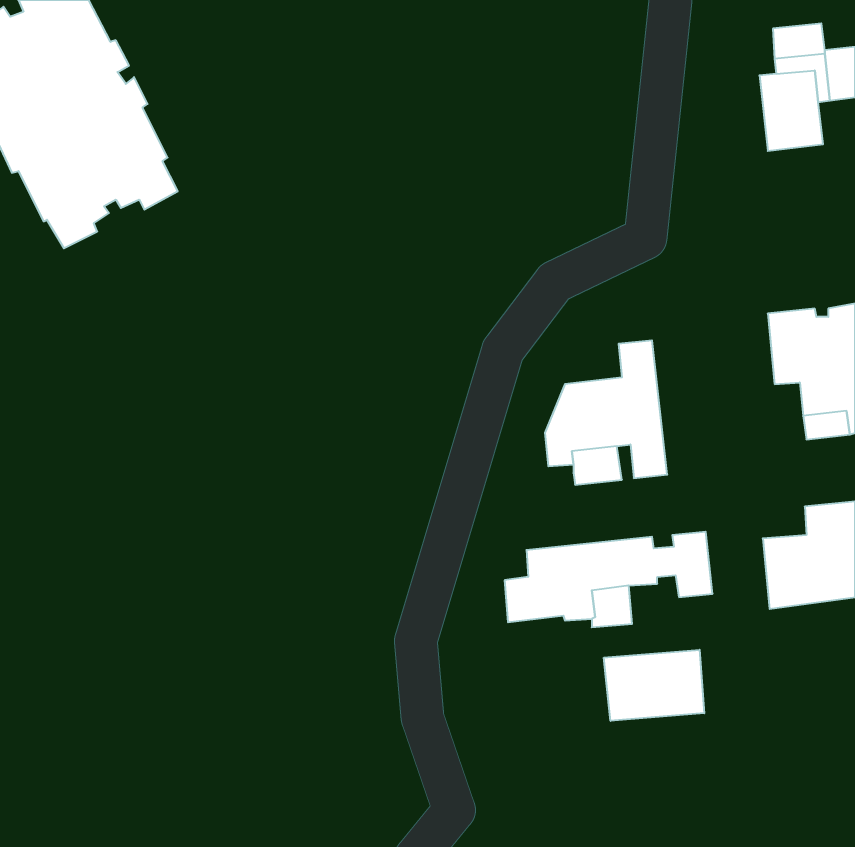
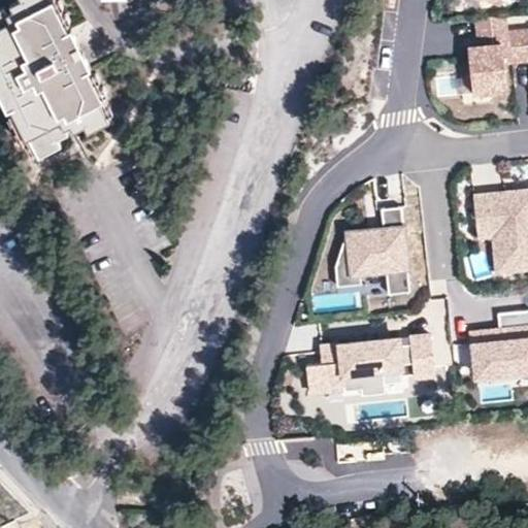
building: [604,650,704,721] -> none

